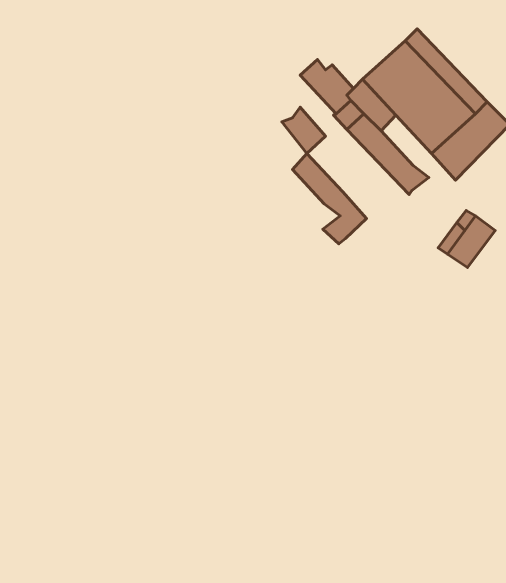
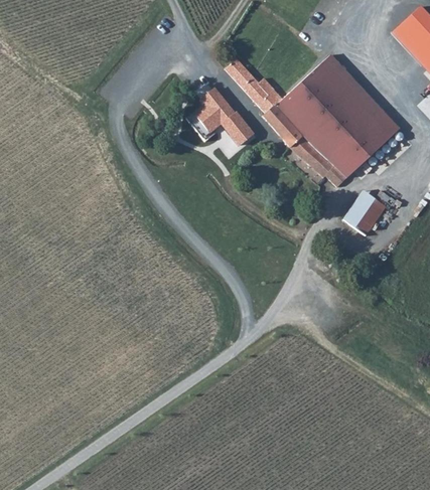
building: none -> [223,58,252,88]
building: none -> [190,88,239,138]
building: [292,154,367,244] -> [300,118,356,186]

